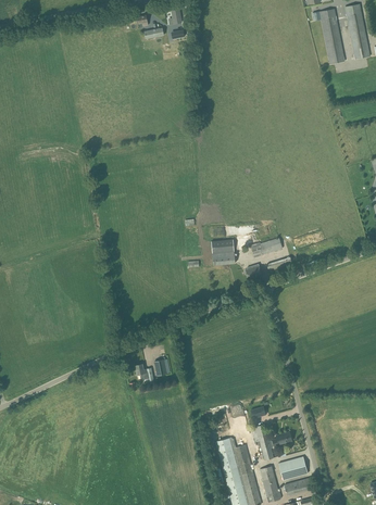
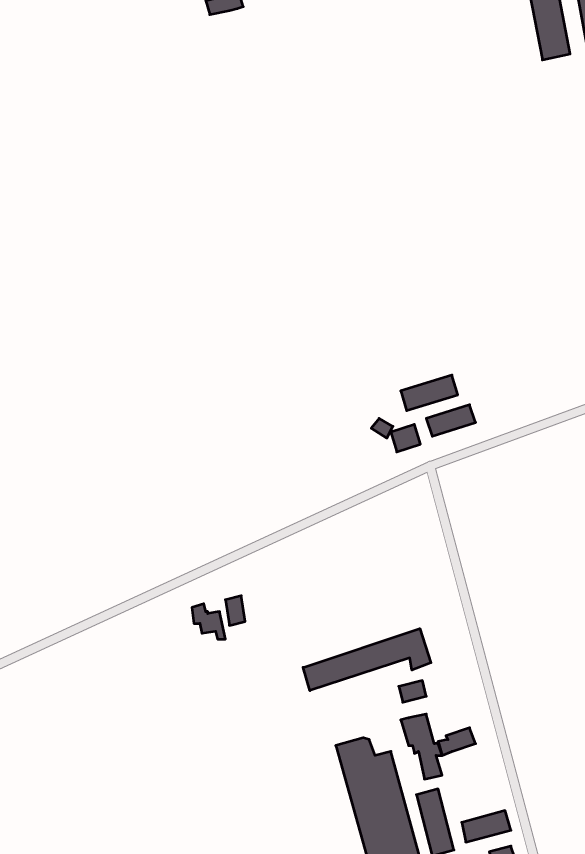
building: [211,239,235,264] -> none
building: none -> [303,629,431,691]
building: [278,456,308,480] -> none

